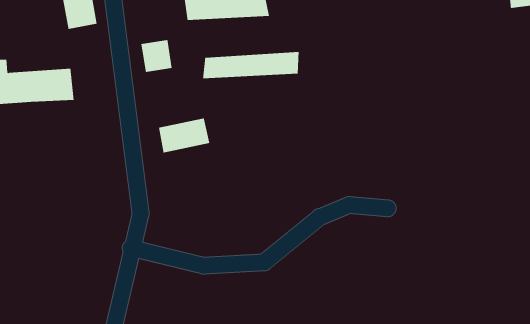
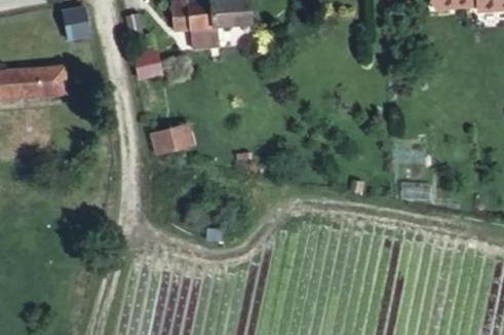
building: [202,51,299,79] -> none

